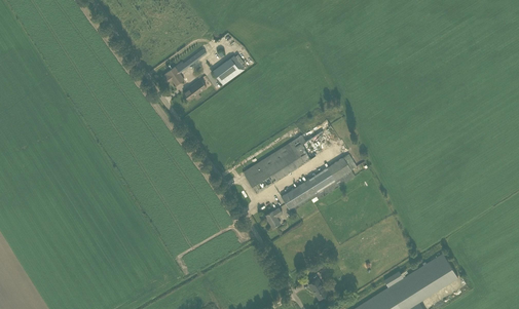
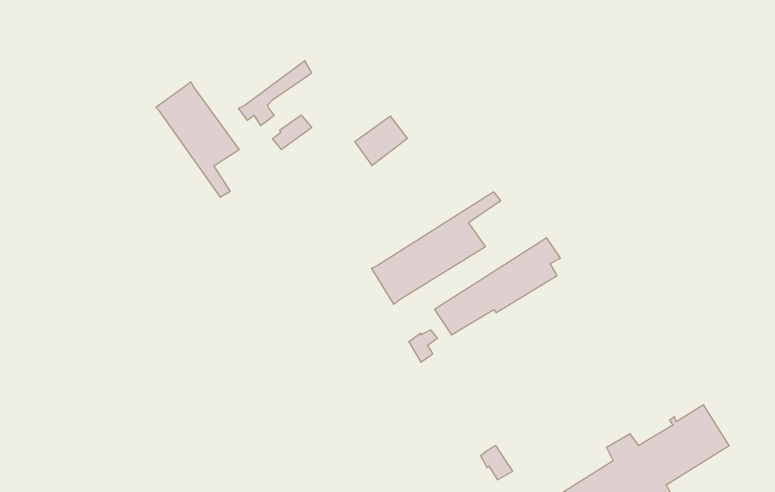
building: [214,54,246,84] -> [355,116,408,166]
building: none -> [156,82,239,197]

